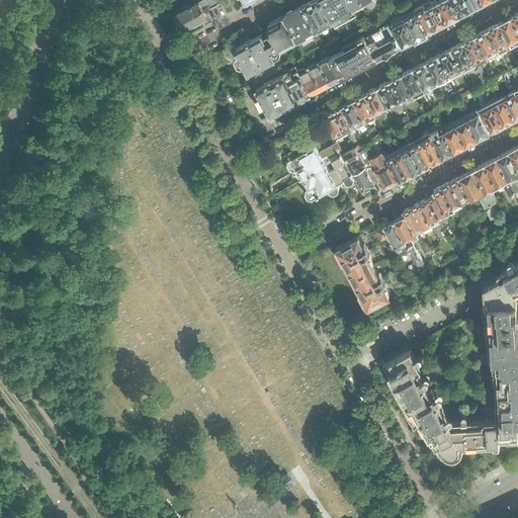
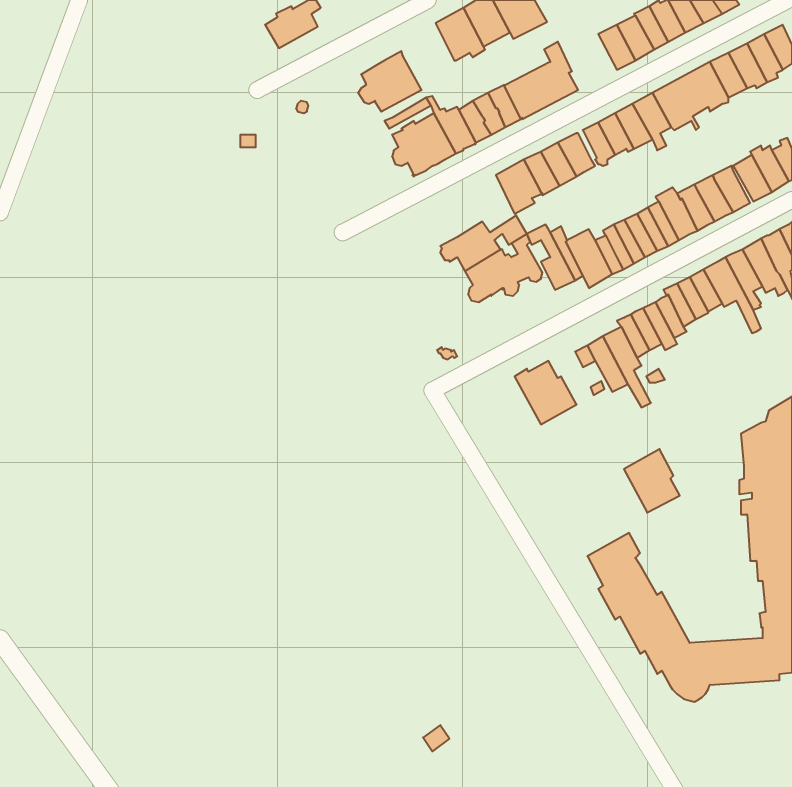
building: [263,18,296,62] -> none
building: [365,29,401,62] -> none
building: [353,267,390,309] -> [624,449,680,513]

